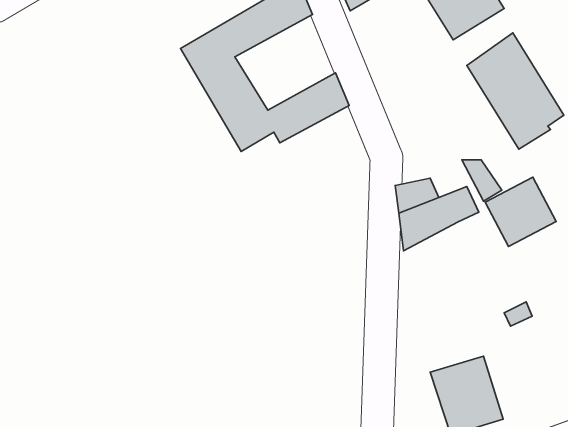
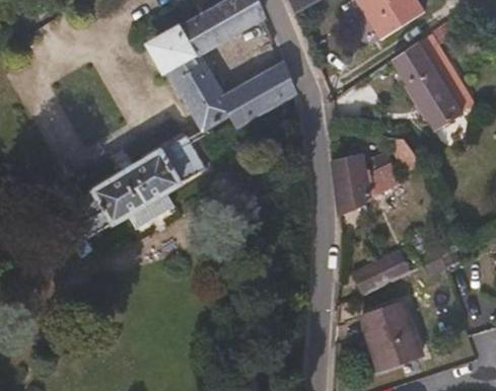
building: none -> [66,134,206,237]
building: [485,177,556,246] -> none
building: none -> [354,252,409,292]

